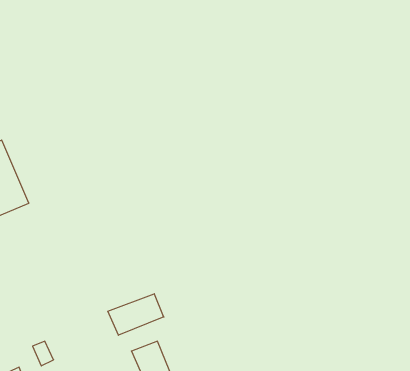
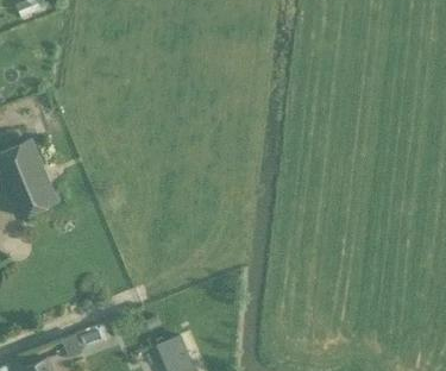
building: [108,294,164,335] -> none

